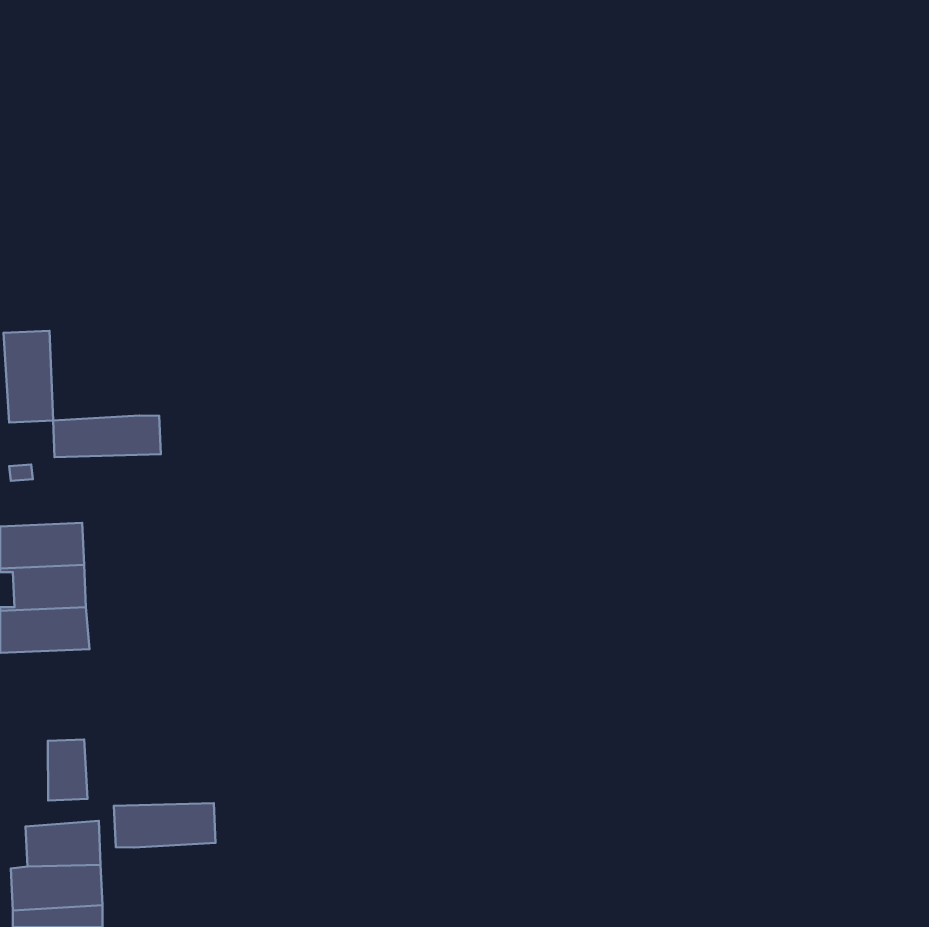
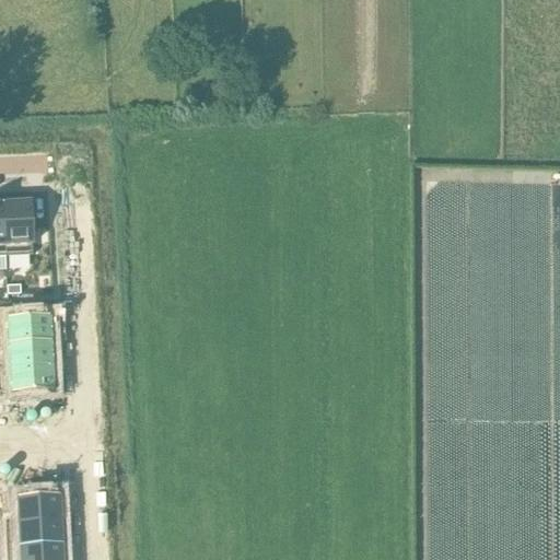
building: [53,416,161,457] -> none
building: [48,740,88,801] -> none
building: [114,803,215,848] -> none

